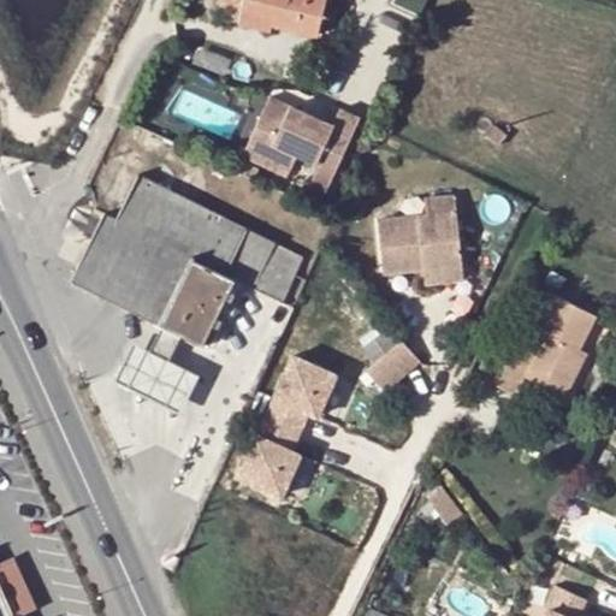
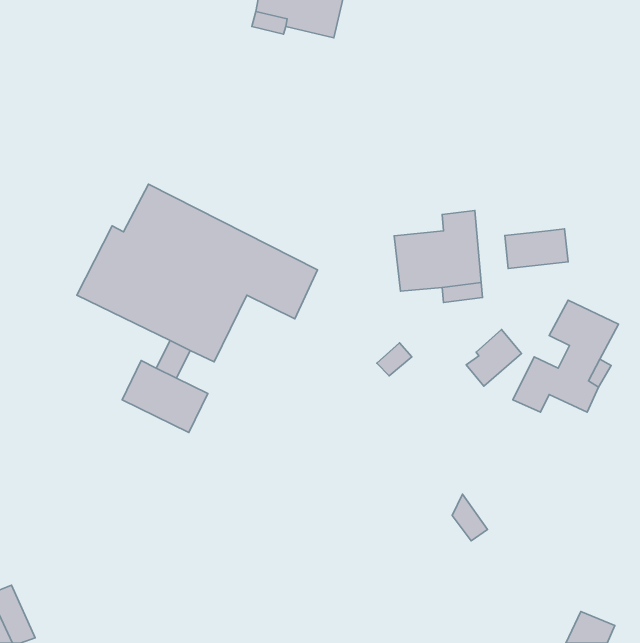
building: [245,100,363,195] -> none
building: none -> [505,229,568,269]
building: [366,343,419,397] -> [466,329,522,386]
building: [238,348,342,498] -> none

